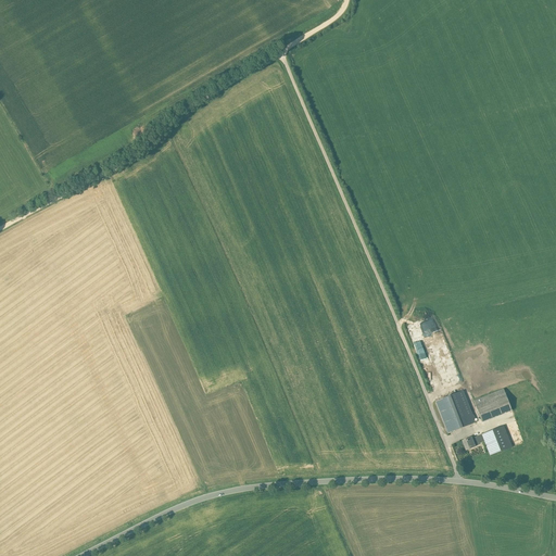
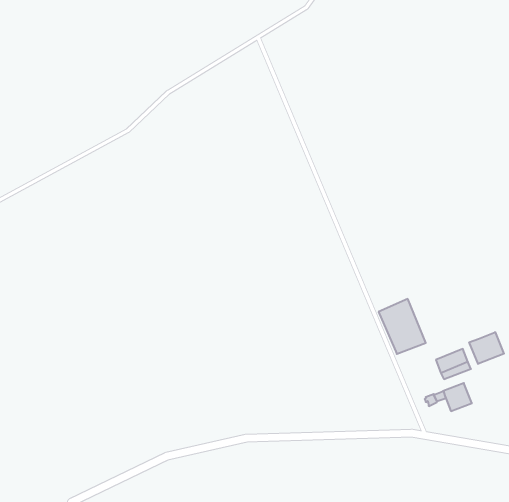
building: none -> [469,332,504,364]
building: [435,390,476,432] -> none

